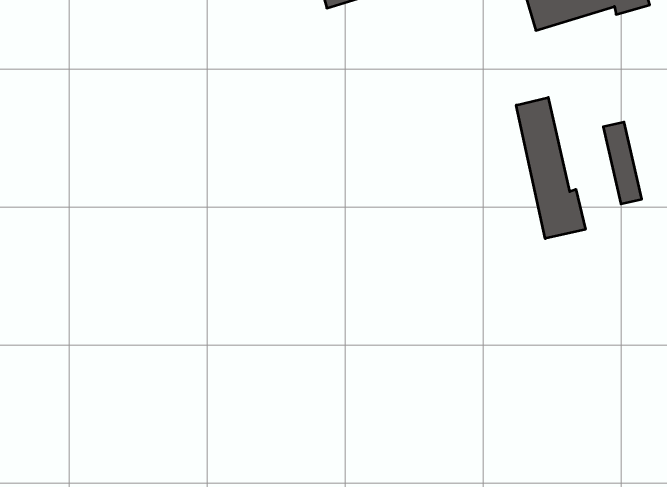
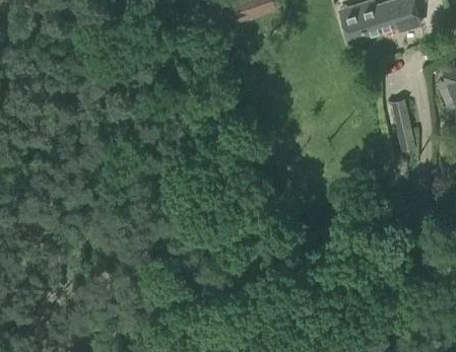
building: [516,97,585,239] -> none

